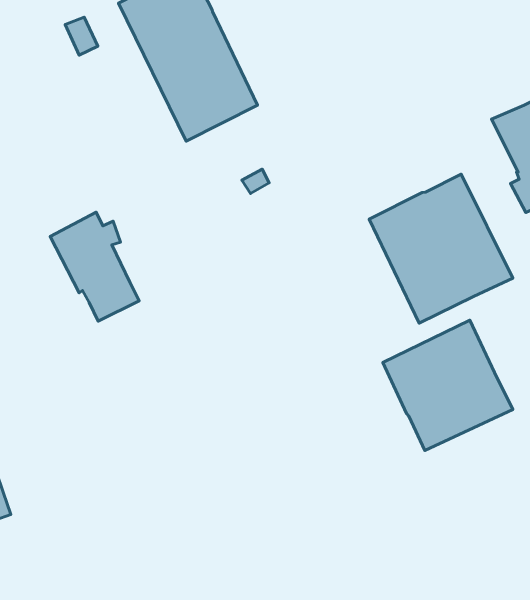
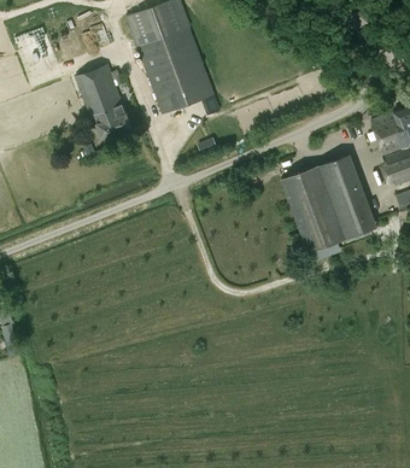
building: [50,212,139,321] -> [75,63,130,136]
building: [383,320,513,451] -> none

